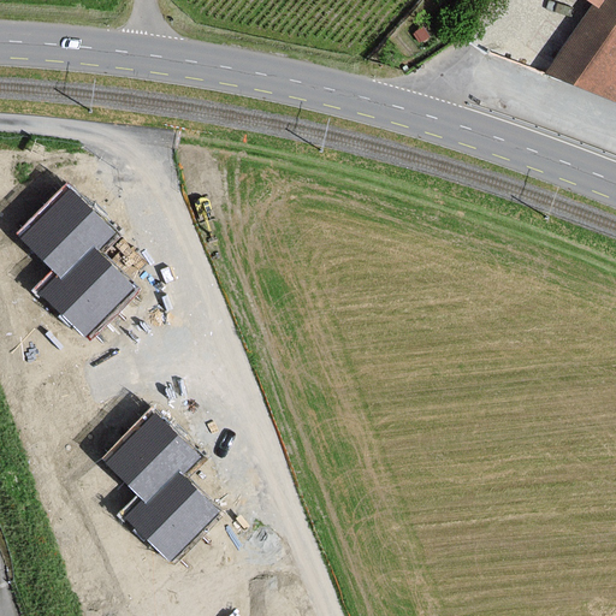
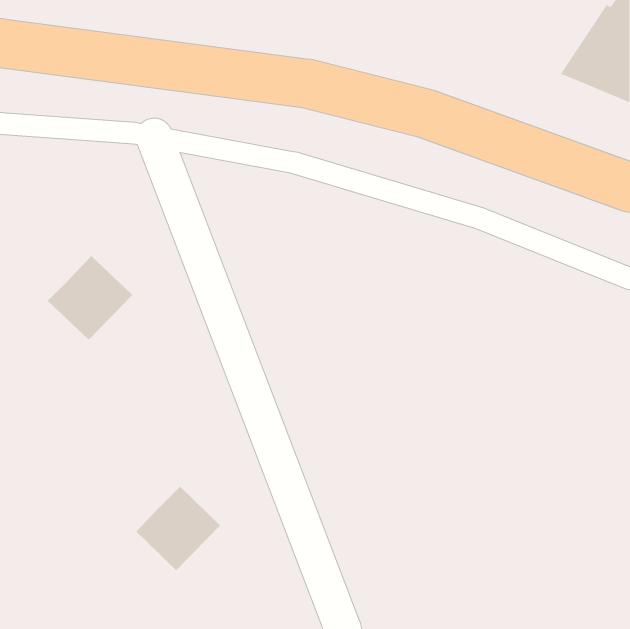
building: [24,190,109,276] -> none
building: [111,416,195,500] -> none

